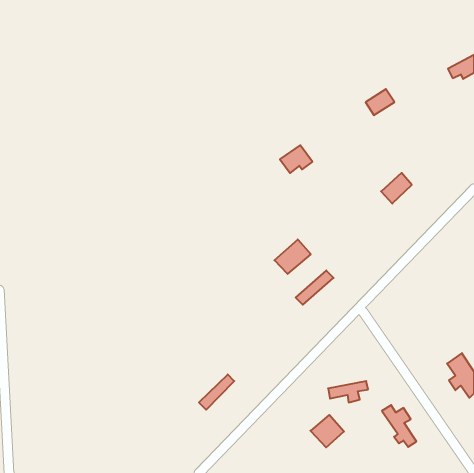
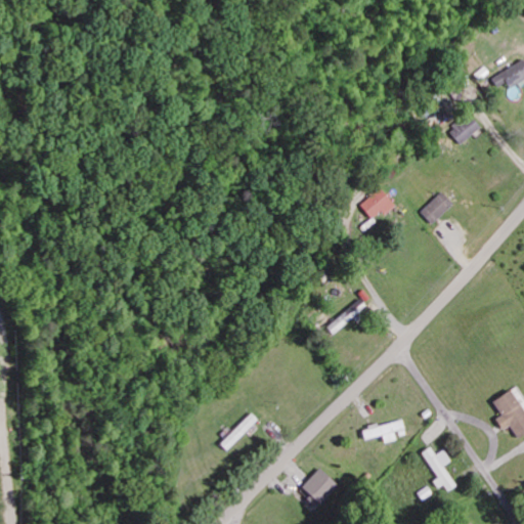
building: [366,89,394,115] -> [451,115,483,143]
building: [280,145,312,173] -> [360,188,396,219]
building: [274,239,311,274] -> none
building: [310,415,344,447] -> [300,469,337,505]

